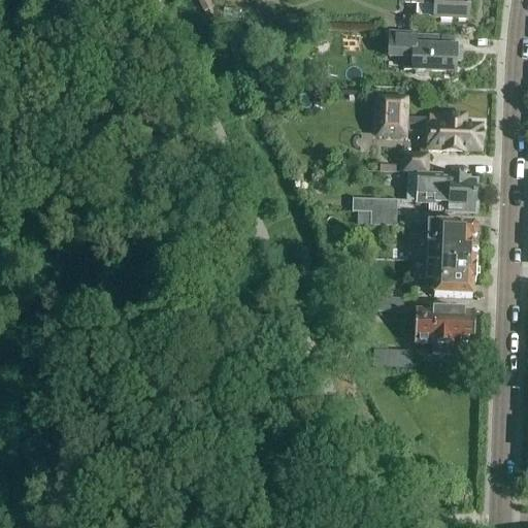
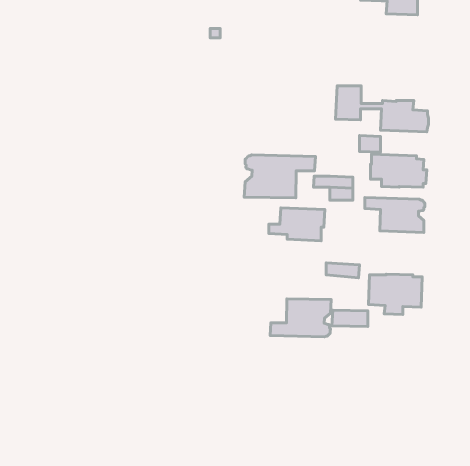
building: [388,31,460,69] -> none
building: none -> [244,155,315,198]
building: [411,258,474,295] -> [269,208,325,241]
building: none -> [270,299,331,337]

